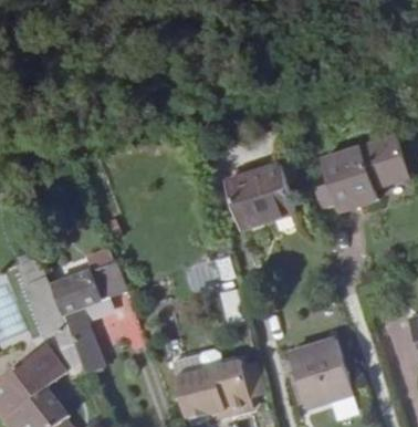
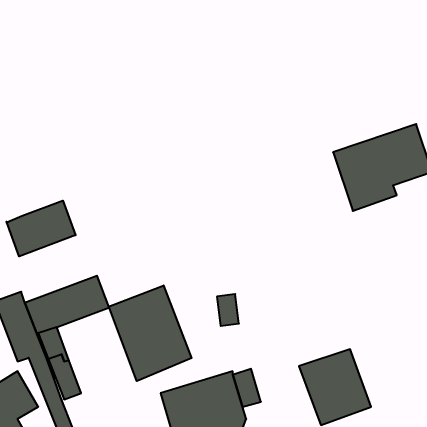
building: [229,163,297,227] -> none
building: none -> [6,201,76,256]
building: none -> [109,285,192,381]

